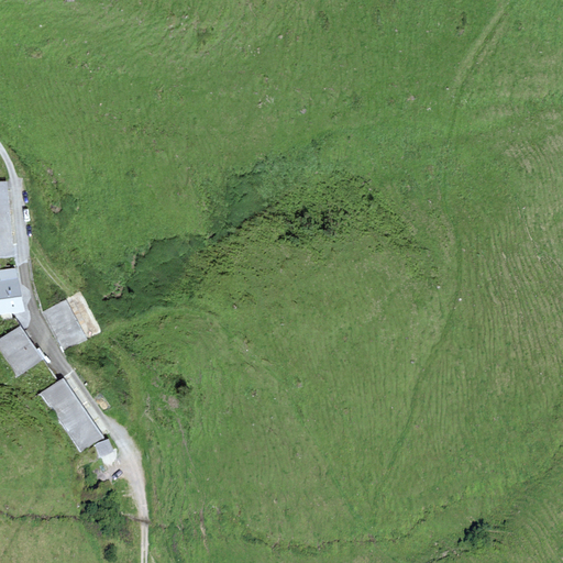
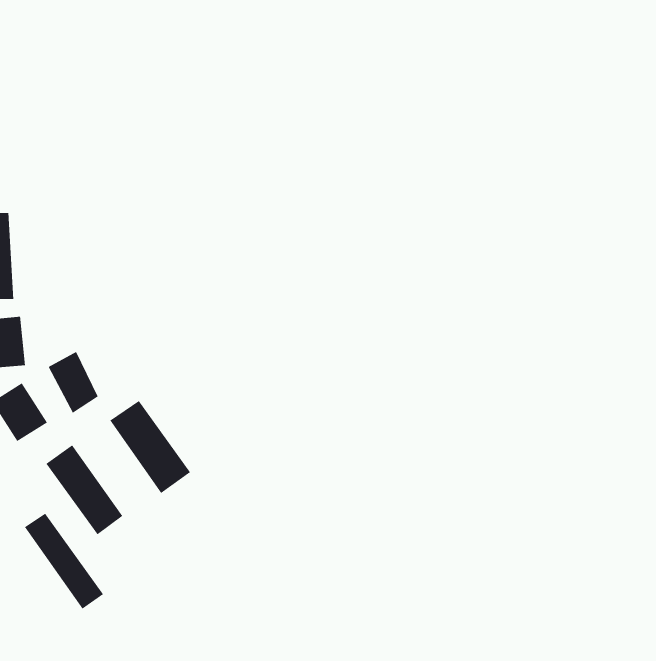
building: none -> [109,400,191,494]
building: none -> [24,513,104,609]

